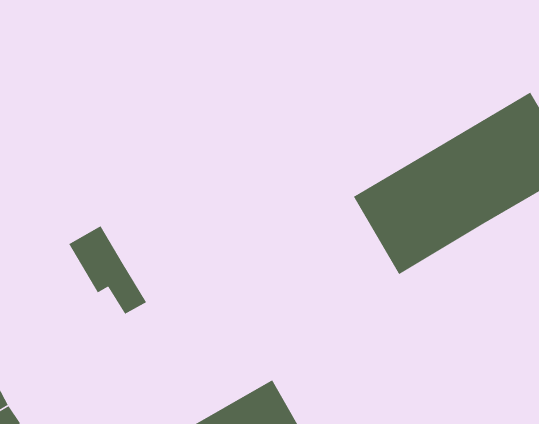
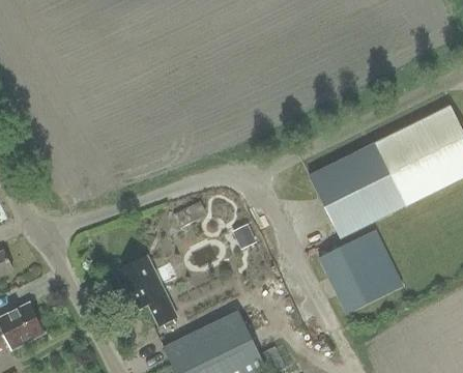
building: [68,225,147,315] -> [120,256,177,325]
building: none -> [318,229,402,313]

